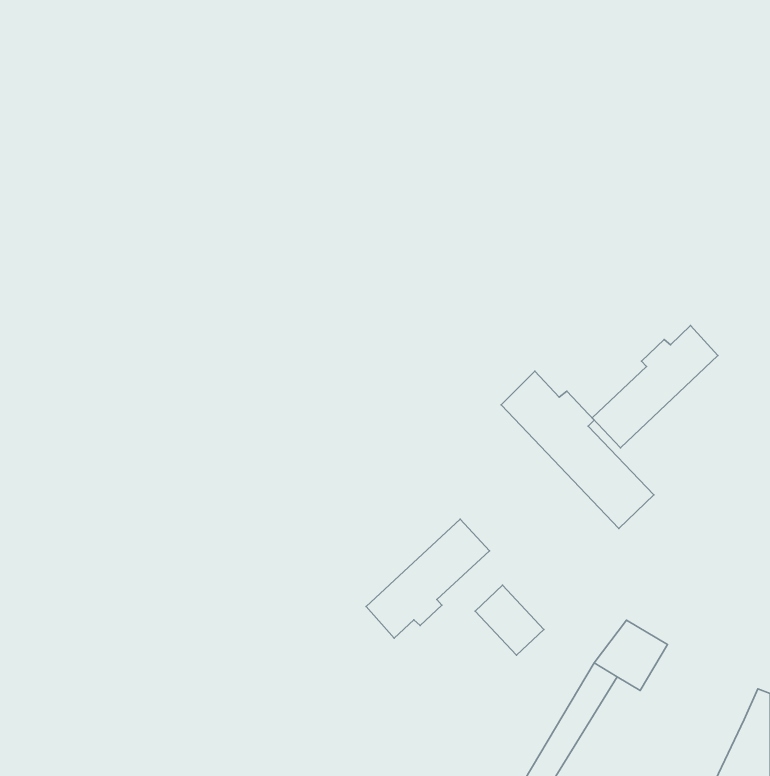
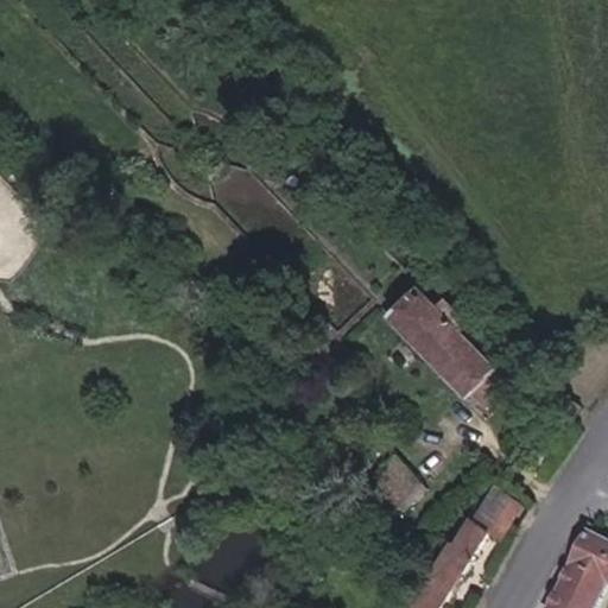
building: [592,326,718,448] -> none
building: [366,519,489,638] -> none

